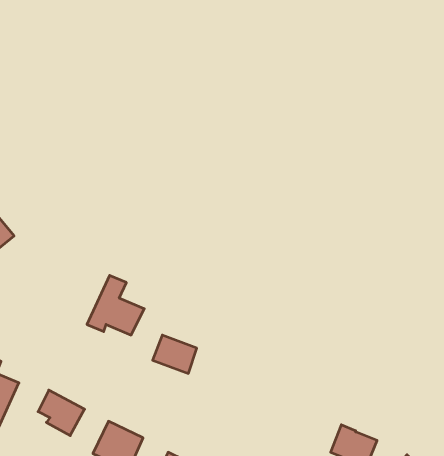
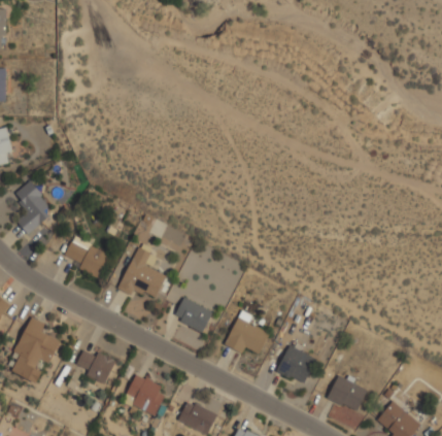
building: none -> [65,237,109,279]
building: none -> [226,310,270,355]
building: none -> [277,346,316,384]

